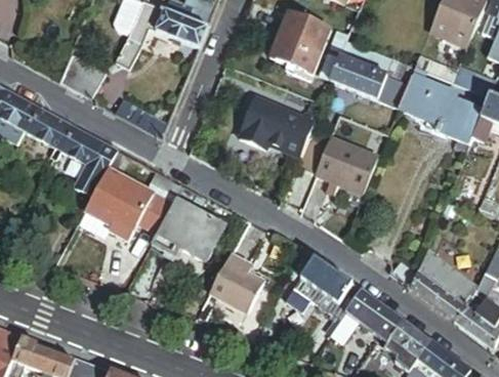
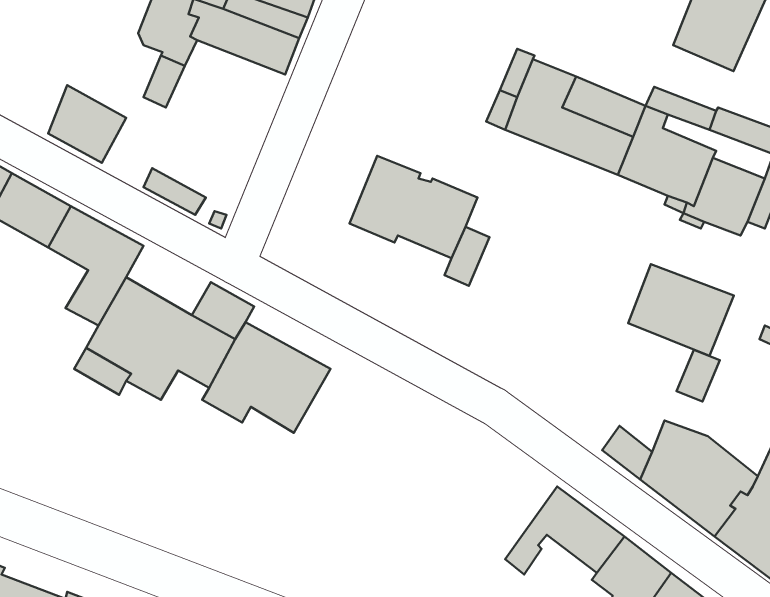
building: [273,11,330,73] -> none
building: [315,139,377,194] -> [628,264,734,356]
building: [207,255,260,311] -> none
building: [292,259,361,321] -> none

